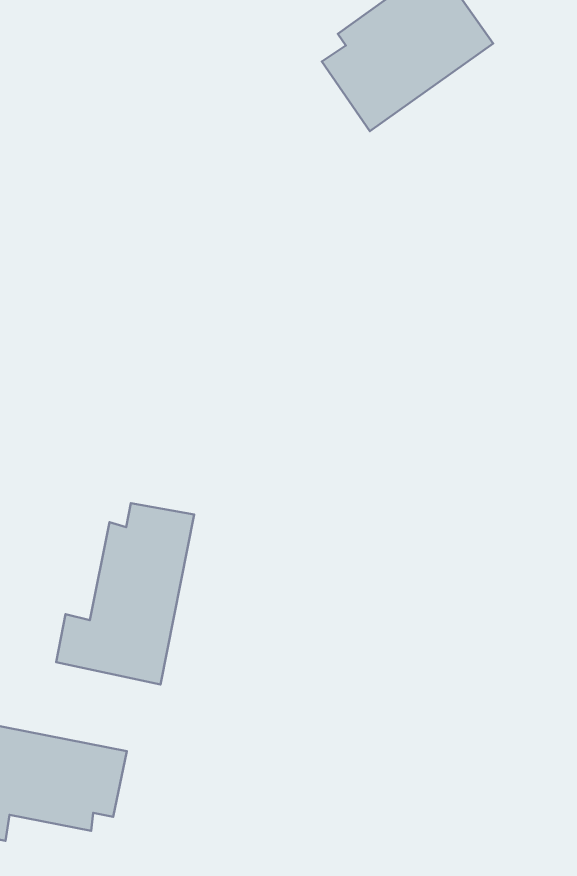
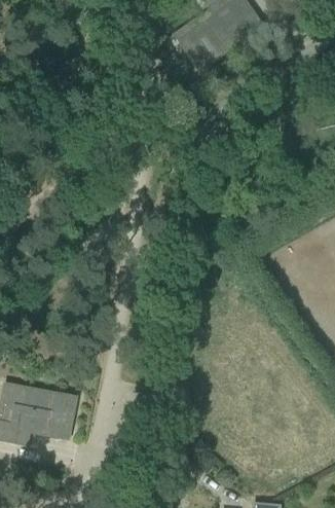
building: [56,503,194,685] -> none

